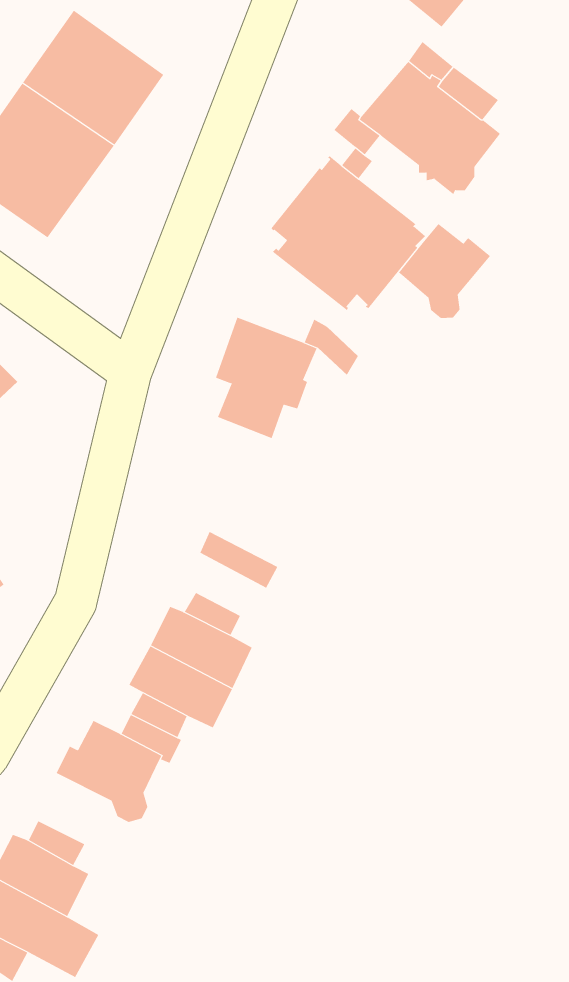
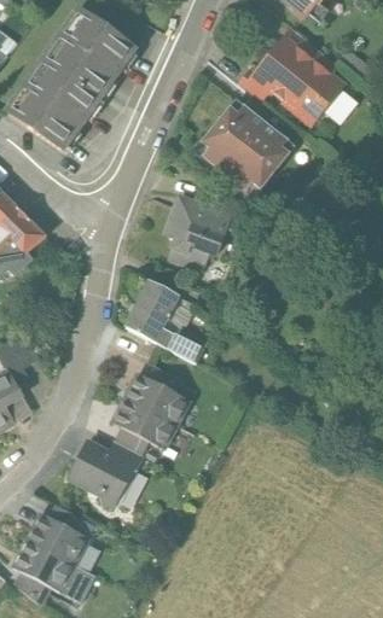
building: [398,223,491,319] -> none
building: none -> [126,279,178,340]

